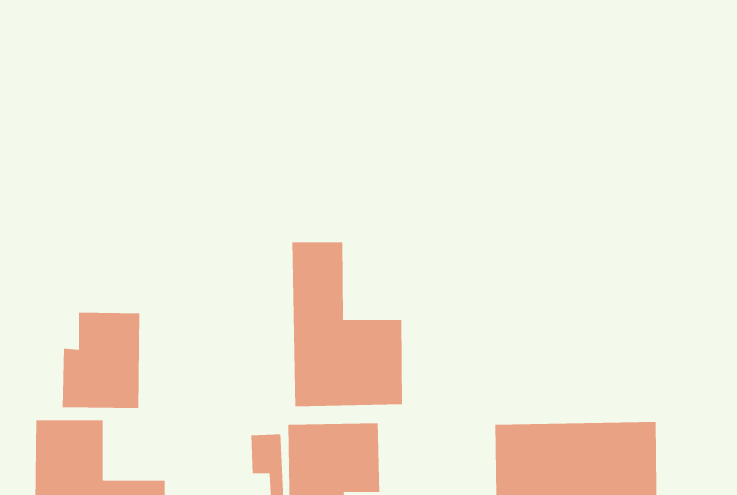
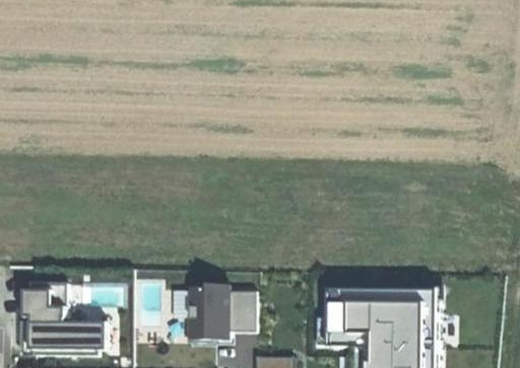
building: [292,241,402,407] -> none
building: [62,312,140,409] -> none

